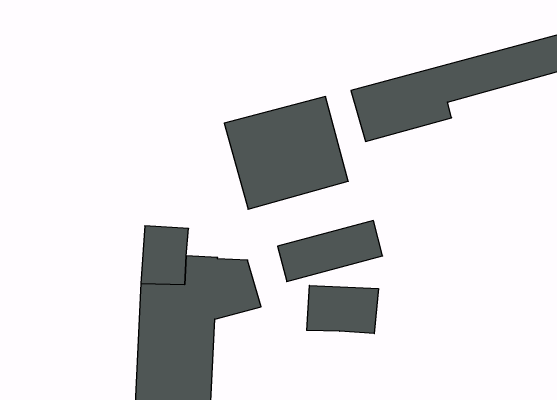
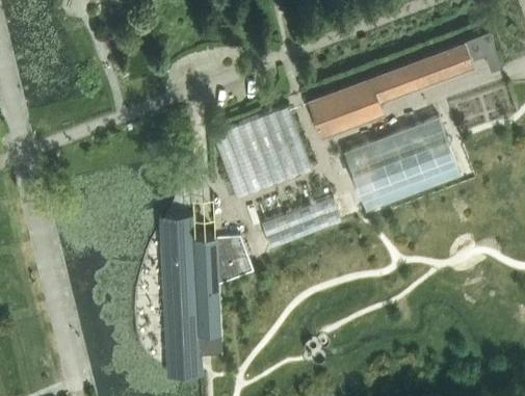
building: none -> [344,117,461,211]
building: [307,285,378,334] -> none

